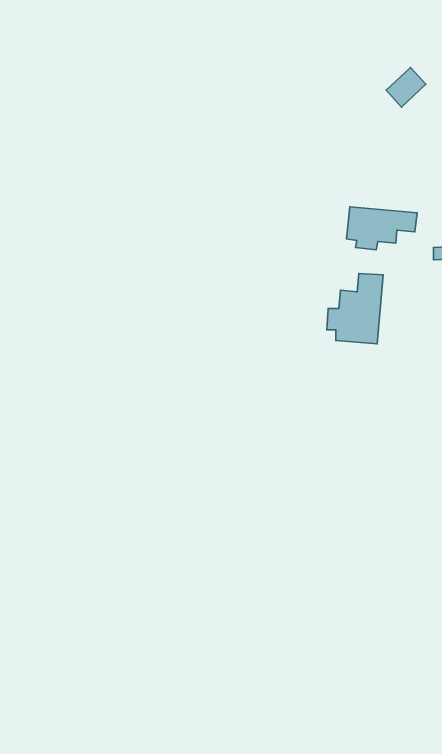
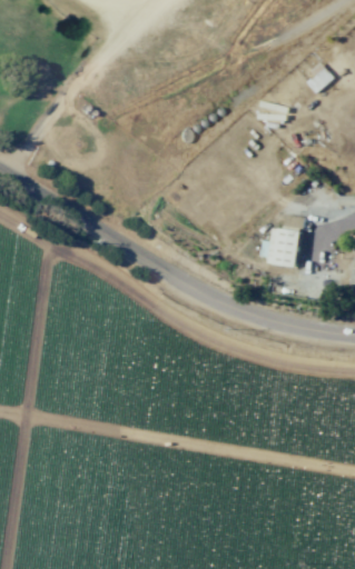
building: [346,207,417,250] -> none

